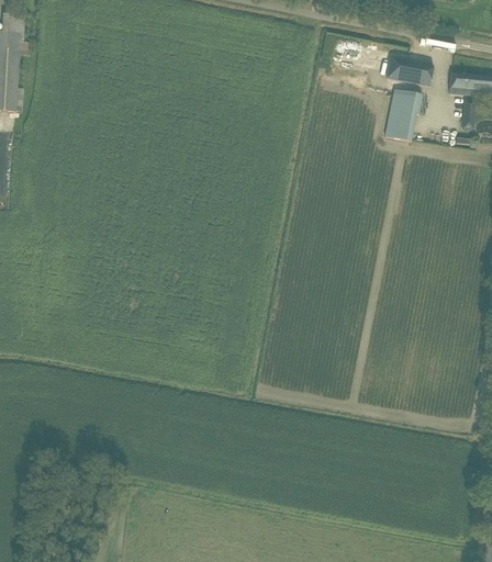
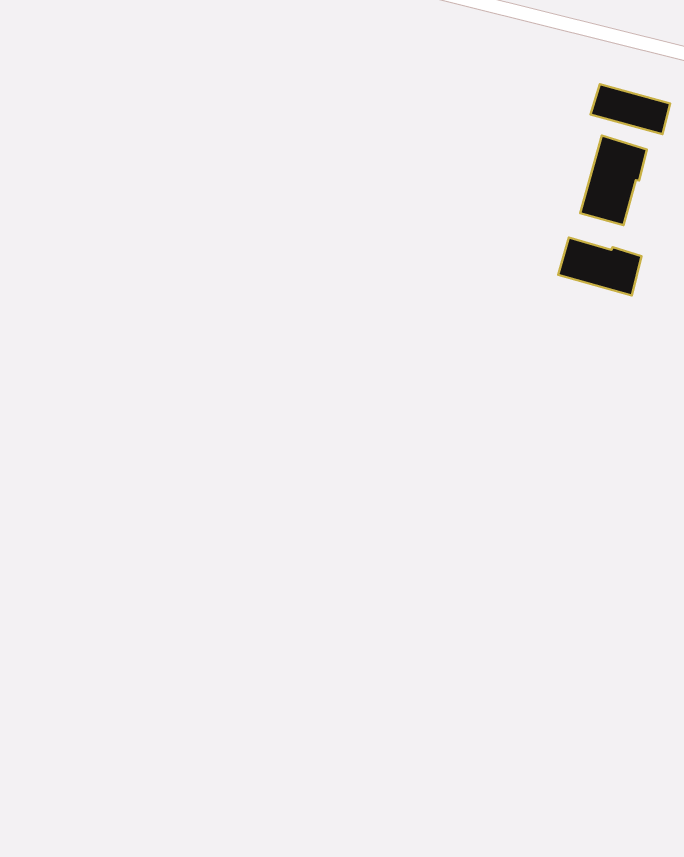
building: none -> [558,238,641,295]

